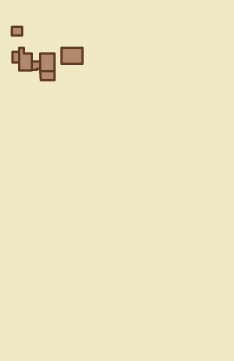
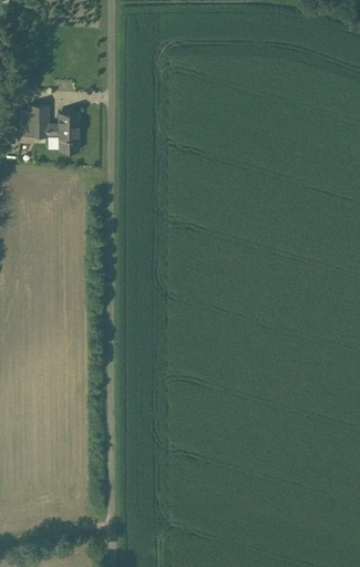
building: [61,48,82,64] -> none

